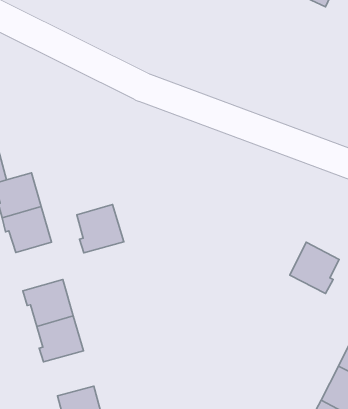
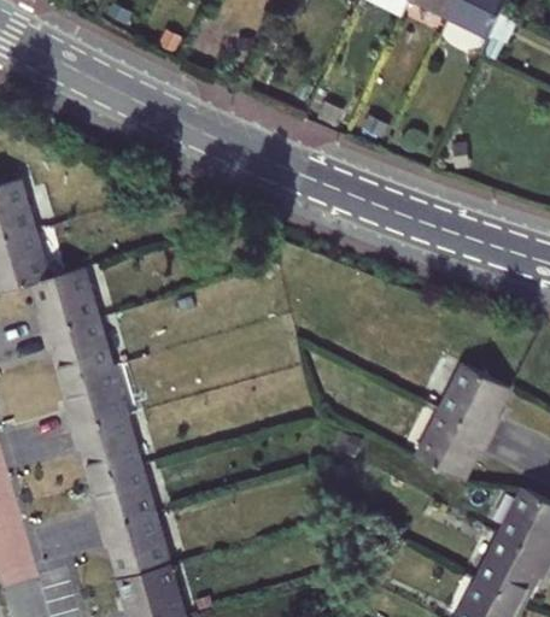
building: [77,204,124,253] -> [60,362,125,429]
building: none -> [417,407,491,478]
building: none -> [99,512,169,575]

